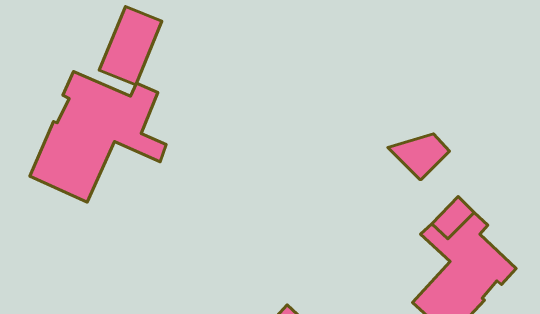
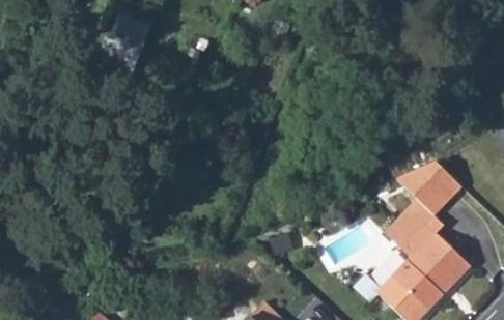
building: [30,71,166,202] -> none
building: [388,134,450,179] -> [403,171,459,212]

